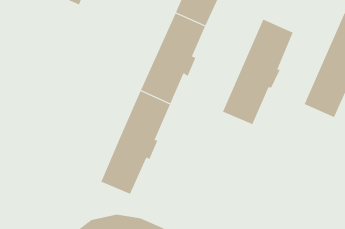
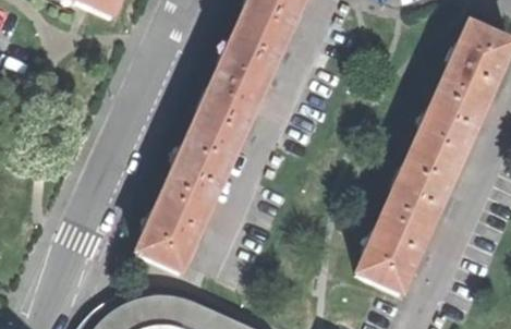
building: [222,19,293,125] -> [358,146,454,289]

